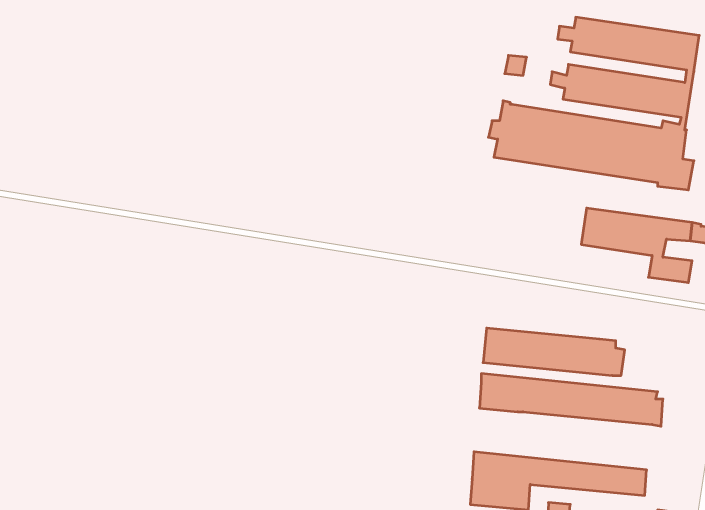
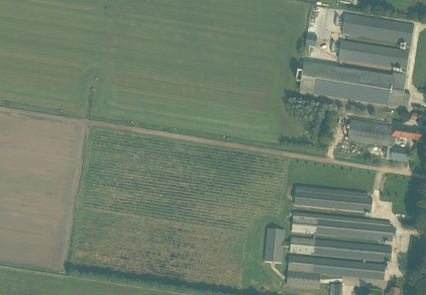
building: none -> [262,227,391,262]

